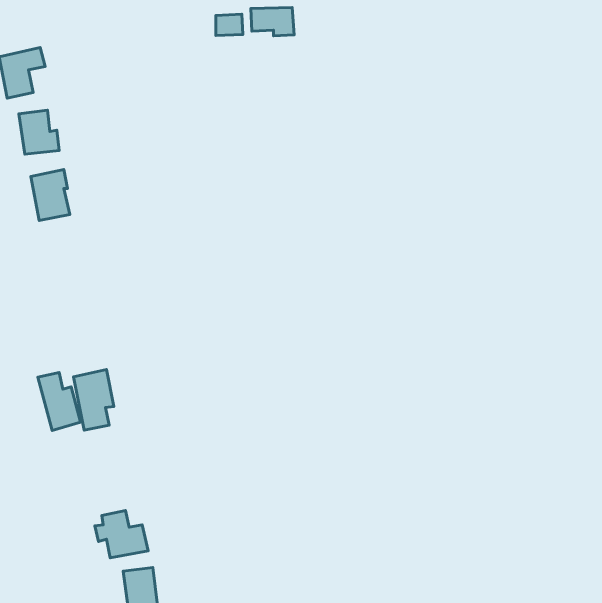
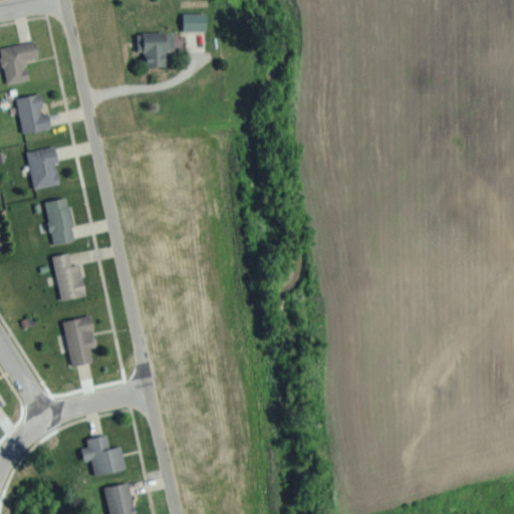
building: [251,7,294,36] -> none
building: none -> [136,33,173,68]
building: none -> [43,197,75,245]
building: [38,372,81,431] -> [50,252,86,301]

